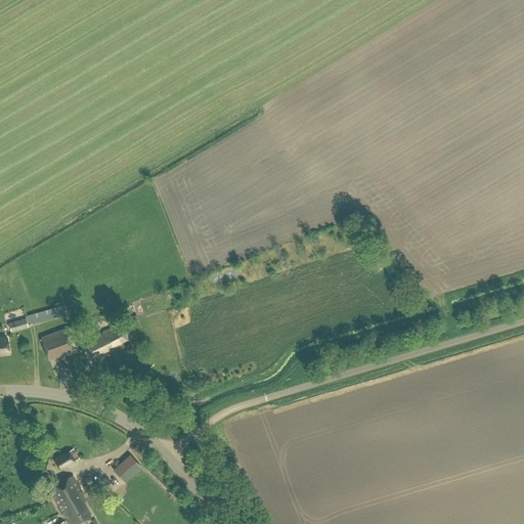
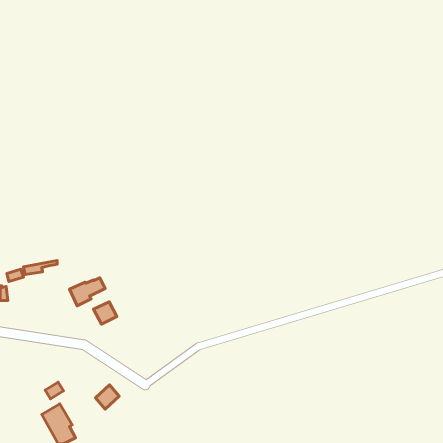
building: [41,330,73,361] -> none
building: none -> [94,302,117,324]

